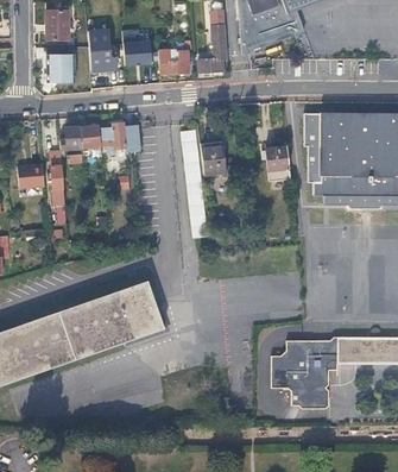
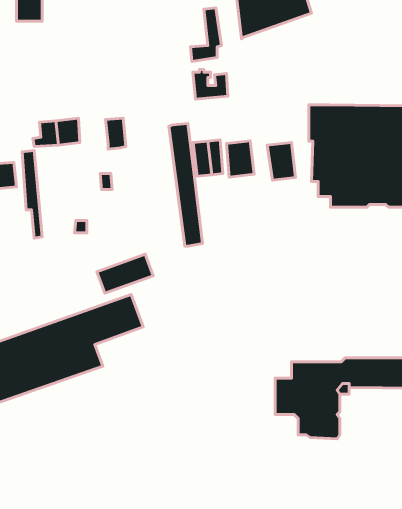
building: [87,26,116,71] -> none
building: [121,32,150,64] -> none
building: [158,49,189,75] -> [193,69,228,99]
building: [45,55,74,83] -> none
building: [103,124,126,155] -> none
building: none -> [226,141,254,177]
building: [114,309,164,344] -> [97,254,153,293]

